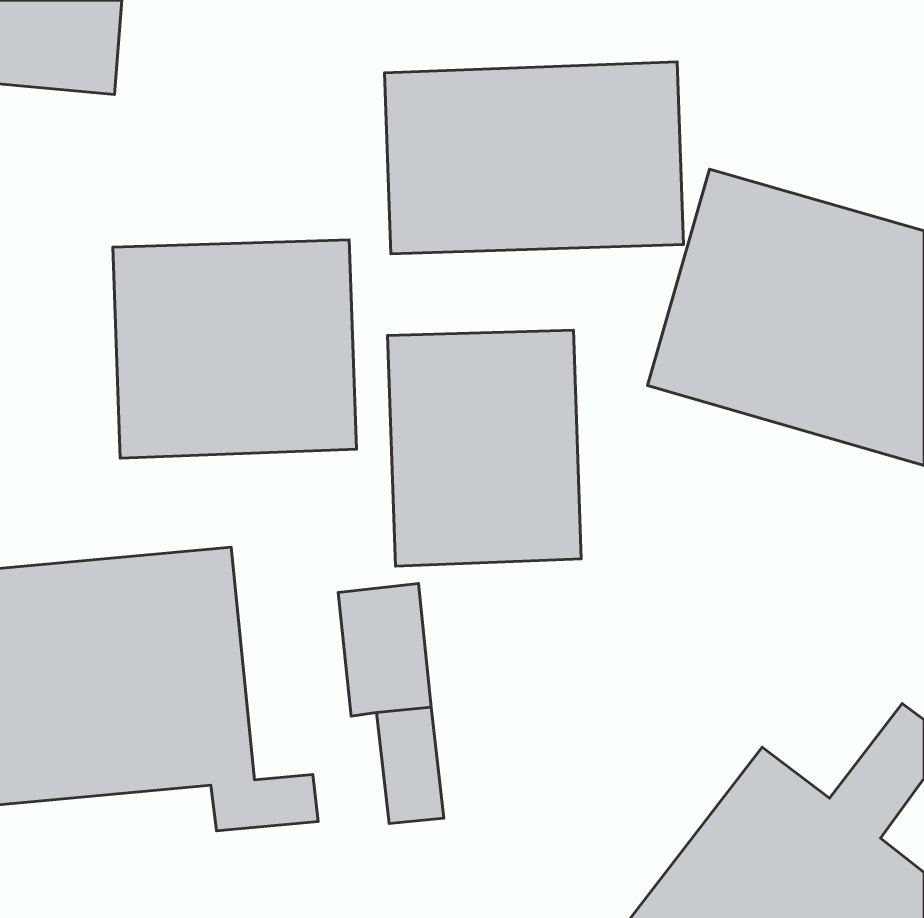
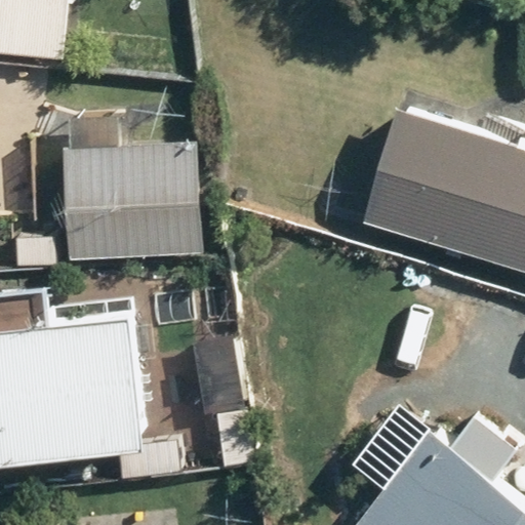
building: [385,62,684,254] -> none
building: [388,330,581,566] -> none

